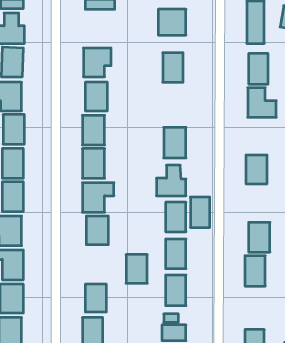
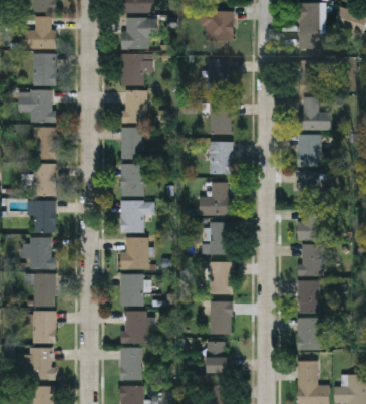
building: none -> [122,18,156,49]
building: none -> [209,102,232,134]
building: none -> [297,135,321,166]
building: [190,197,210,227] -> [299,206,320,239]
building: [126,255,147,283] -> [121,274,144,306]
building: none -> [297,318,320,350]

